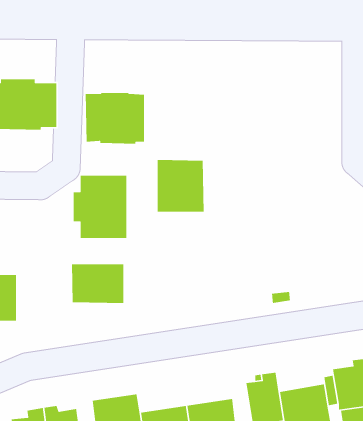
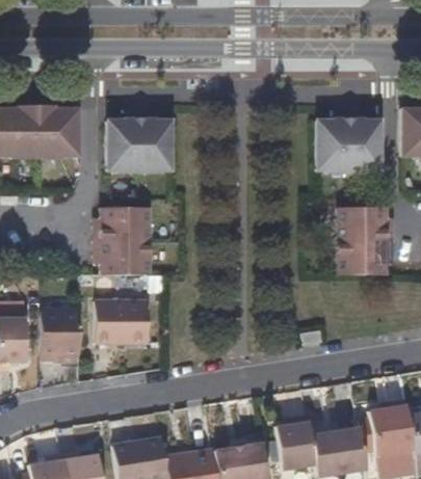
building: none -> [317,118,379,174]
building: [157,159,205,212] -> none
building: none -> [339,207,393,273]
building: none -> [42,308,81,358]

